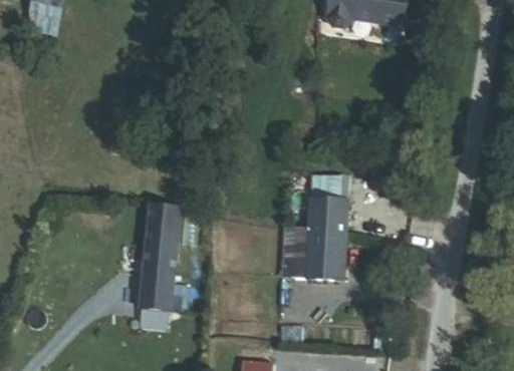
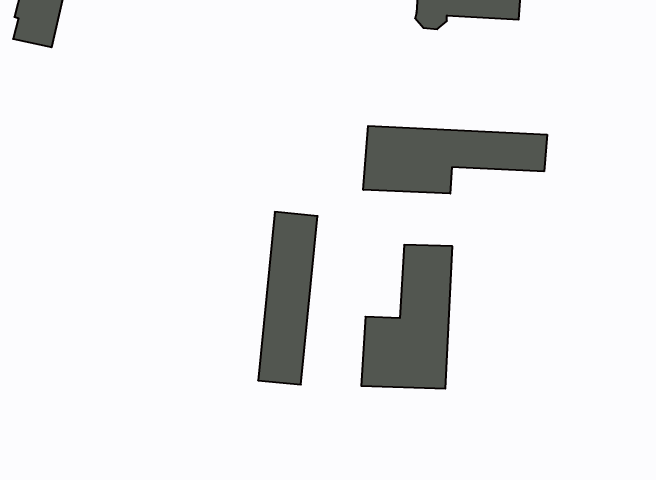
building: none -> [363,126,547,194]
building: [138,203,181,328] -> [258,212,318,385]

